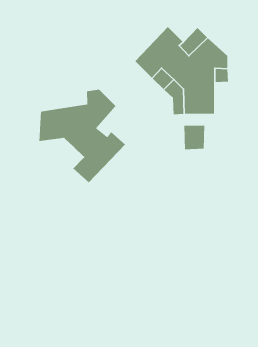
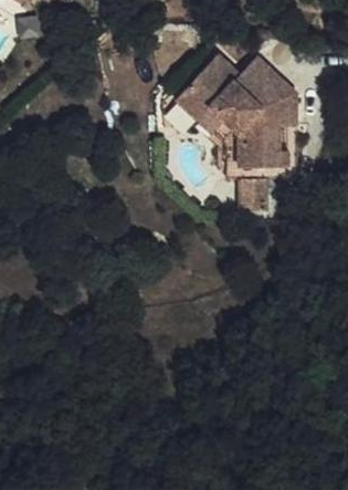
building: [38,89,126,183] -> none

